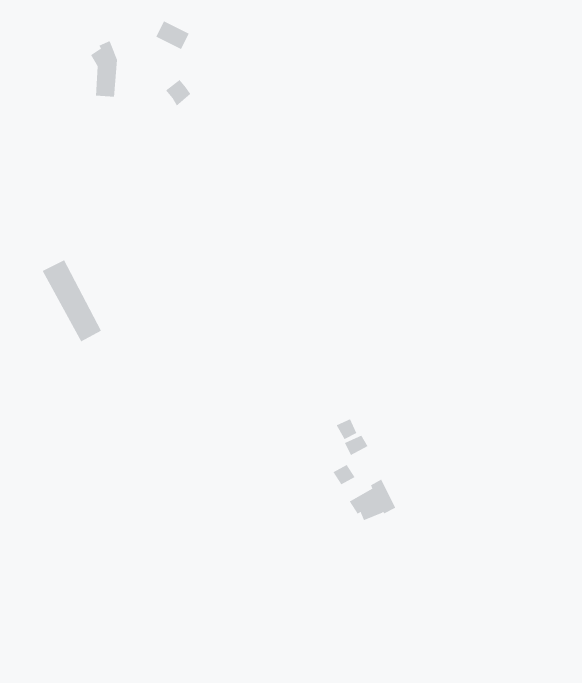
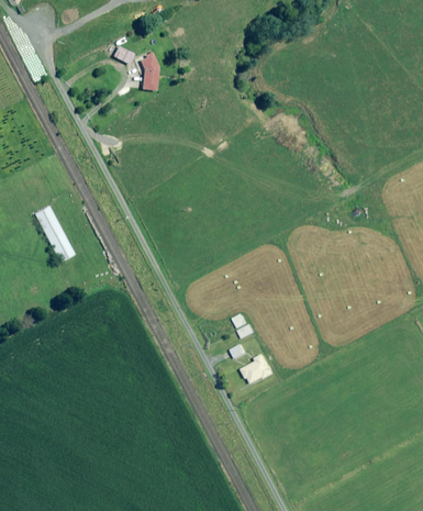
building: [90,40,118,97] -> [138,52,157,90]

